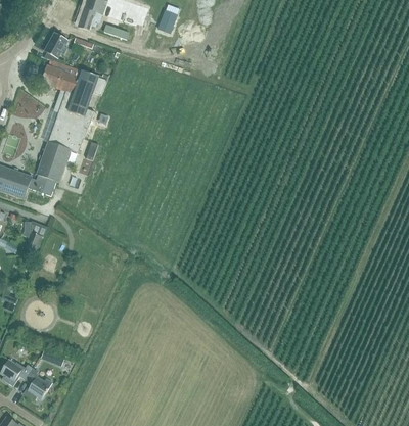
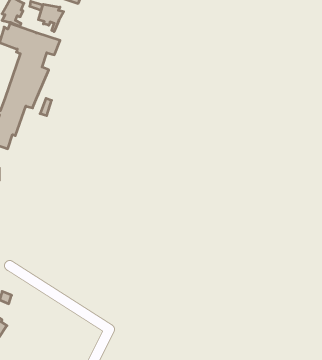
building: none -> [38,4,64,32]

